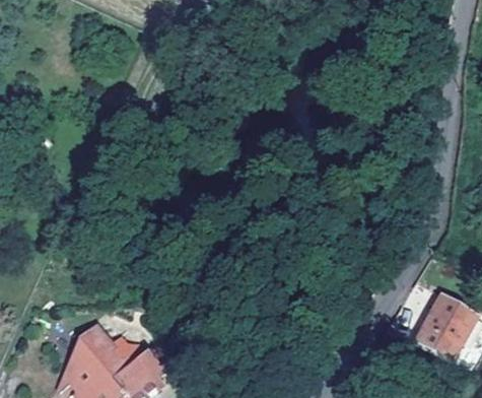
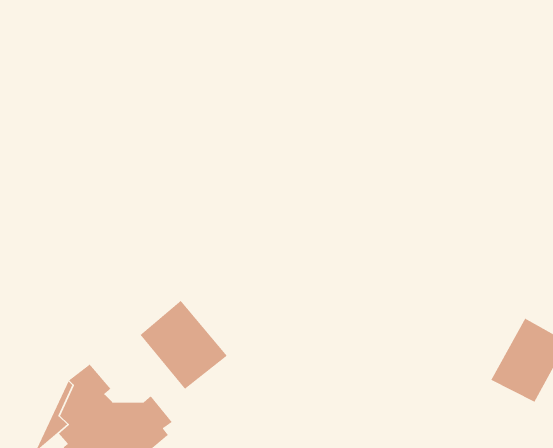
building: none -> [139,300,228,390]

